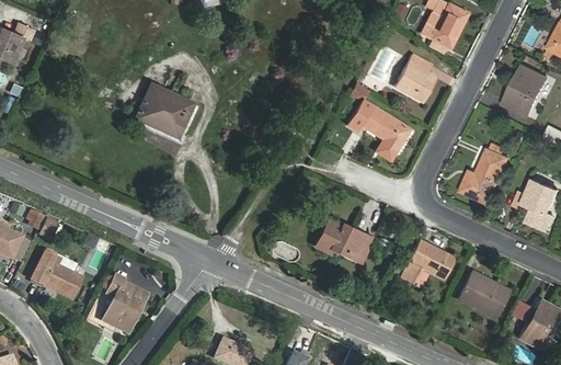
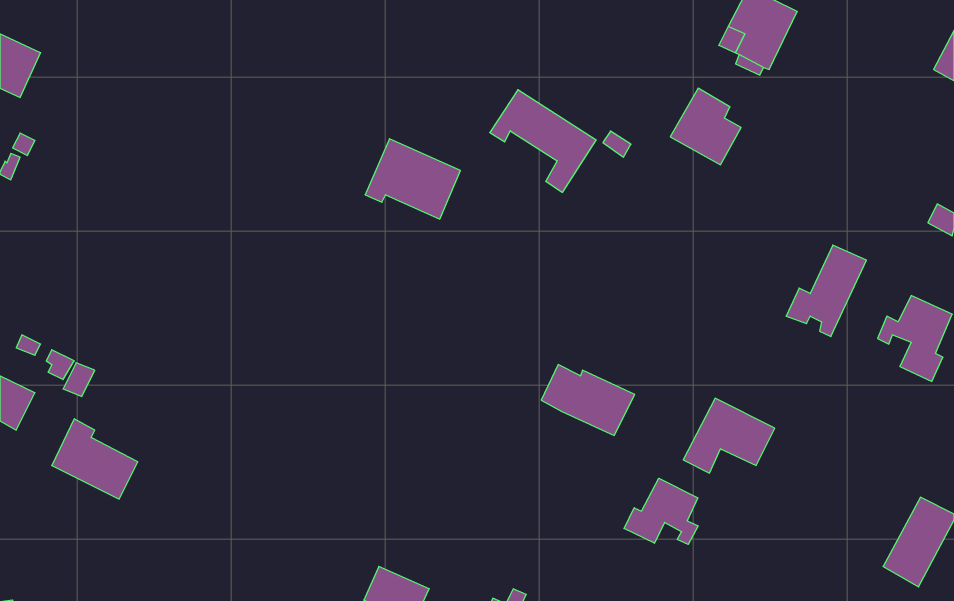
building: [505,68,548,116] -> none
building: [136,84,192,132] -> [365,139,460,219]
building: [347,100,410,160] -> [490,90,596,192]
building: [458,272,510,318] -> none
building: [102,275,146,329] -> none
building: none -> [624,478,698,544]

